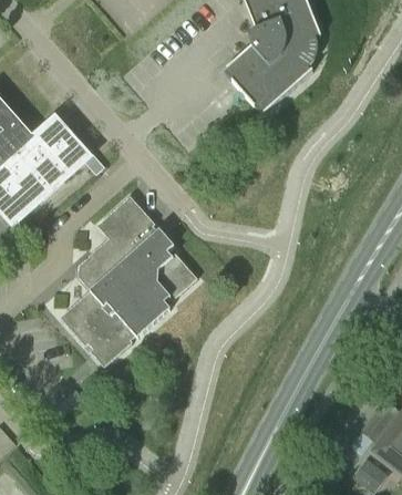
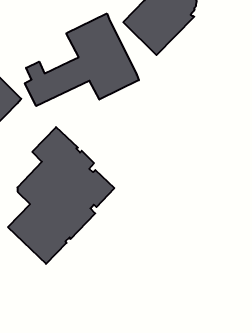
building: none -> [25,14,139,106]

